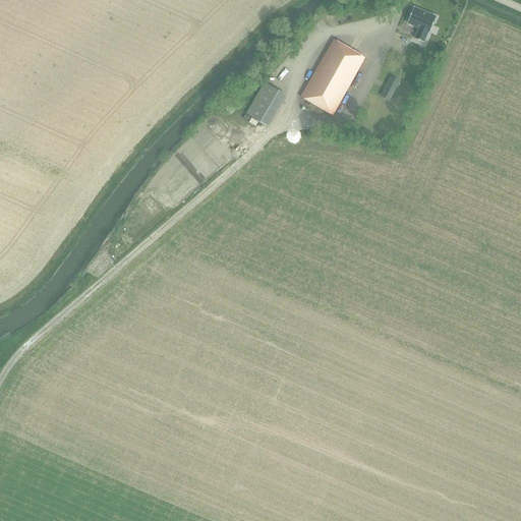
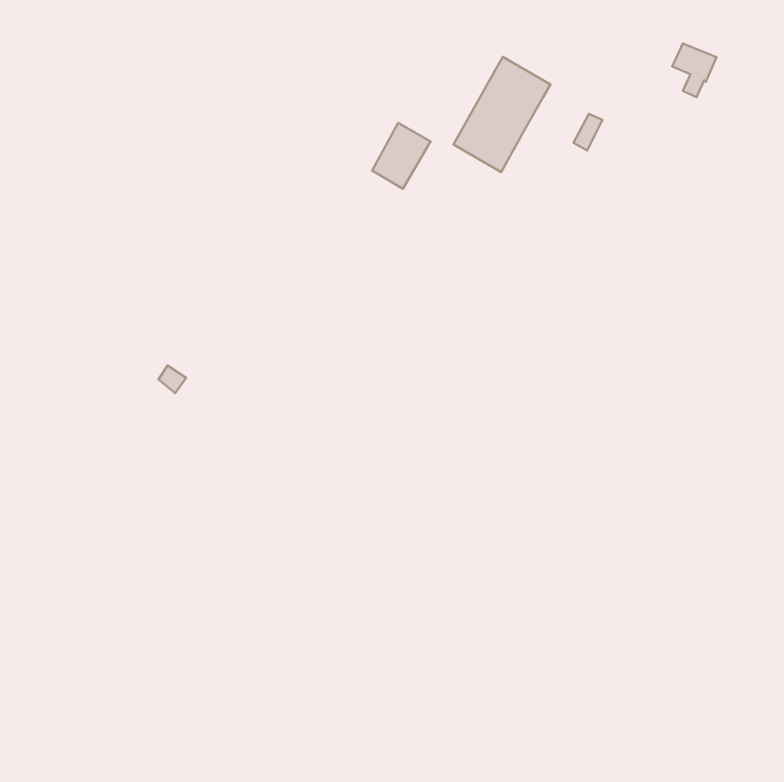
building: [406,6,436,42] -> [672,43,717,97]

